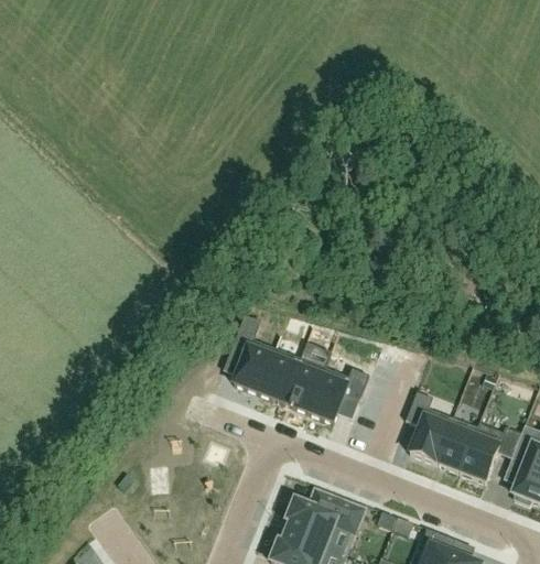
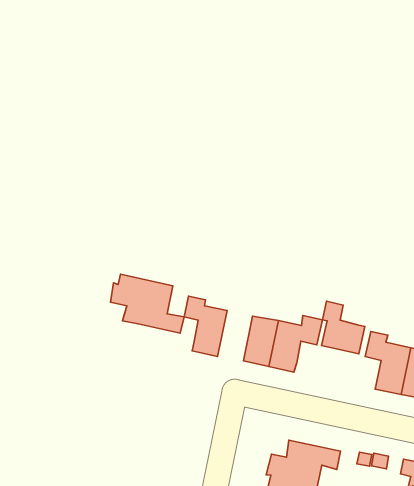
building: none -> [110,274,184,333]
building: [258,349,300,402] -> none
building: none -> [322,301,365,354]

